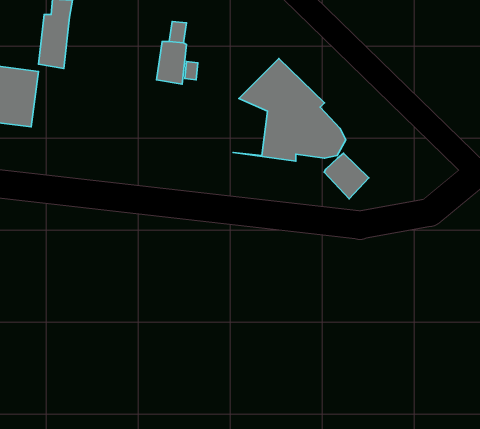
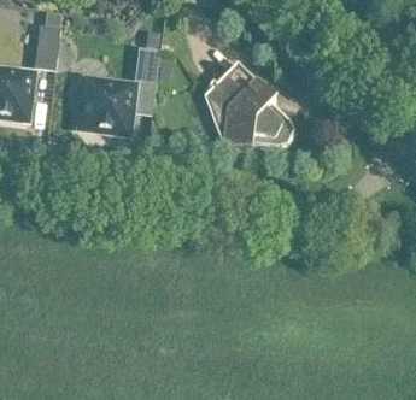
building: none -> [77,80,135,135]
building: [324,153,369,199] -> none

